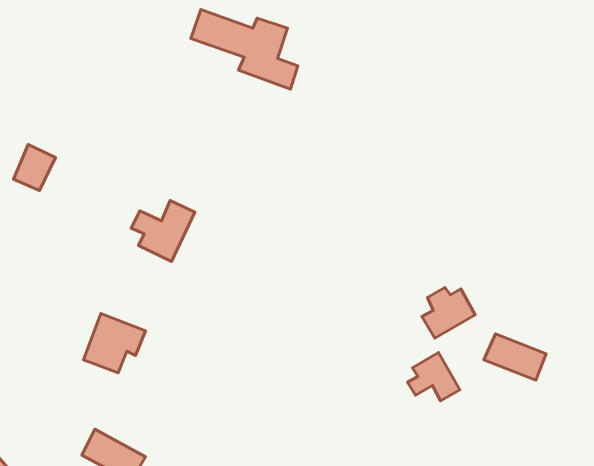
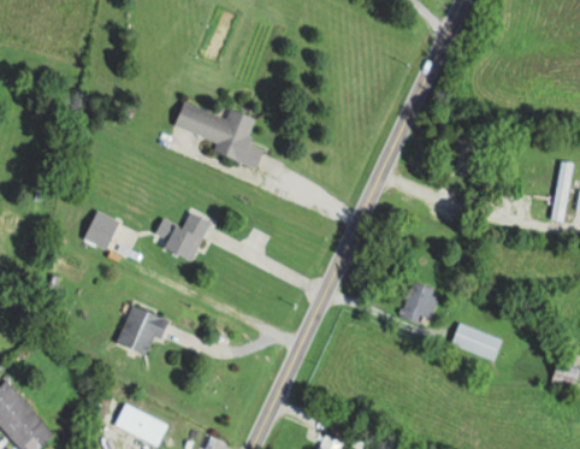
building: [191,9,298,89] -> [174,102,264,169]
building: [14,144,56,191] -> [84,211,119,249]
building: [407,353,460,401] -> none

